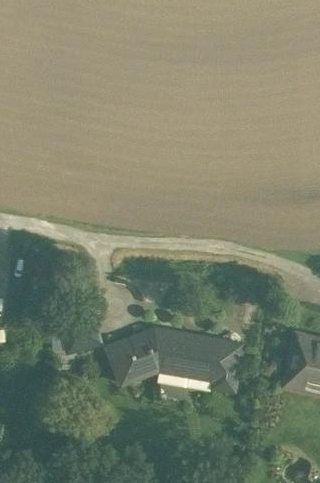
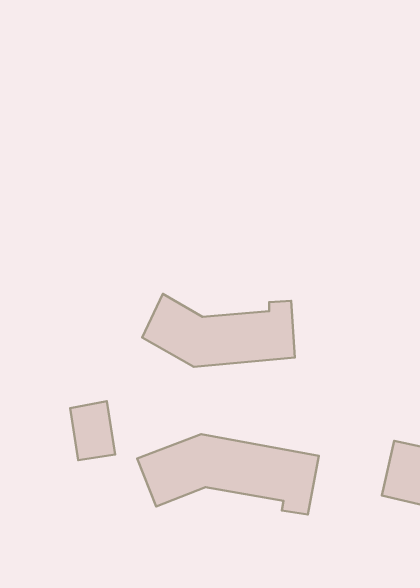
building: none -> [142,294,295,367]

